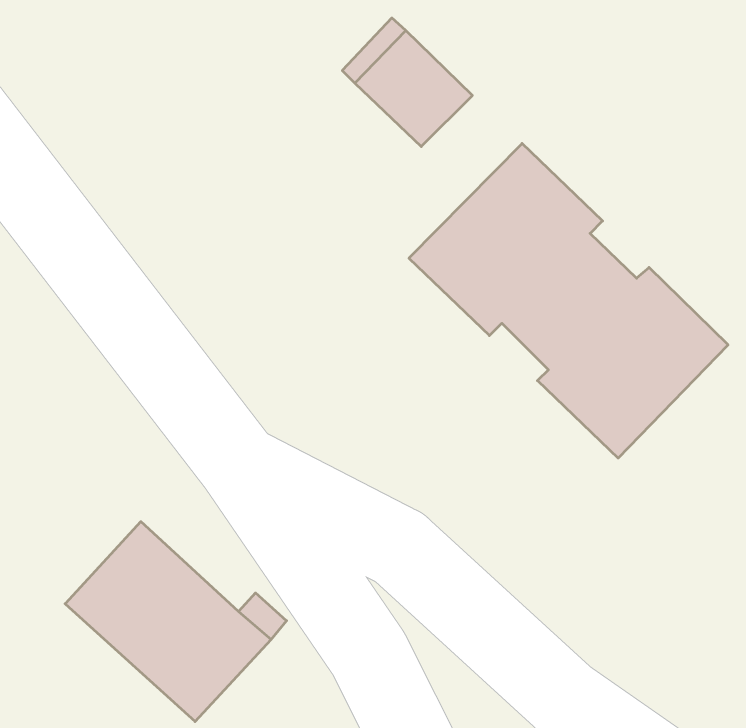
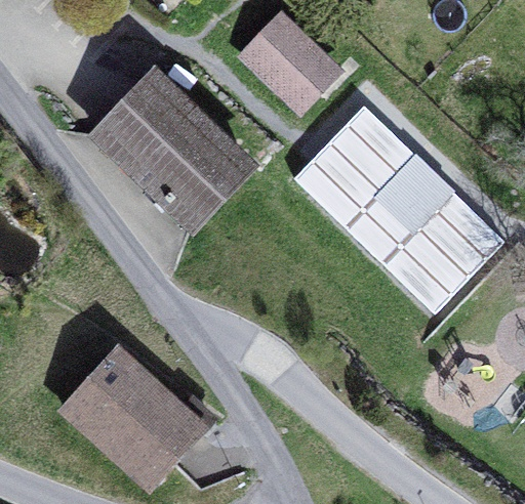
building: none -> [99,77,249,224]

